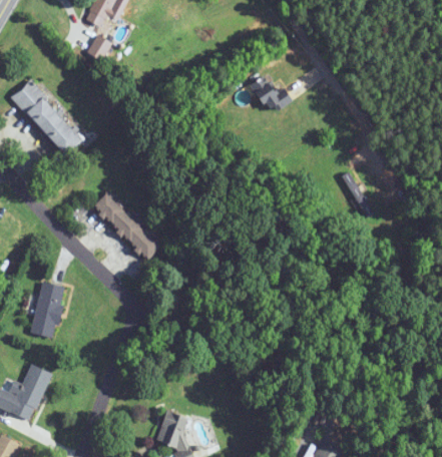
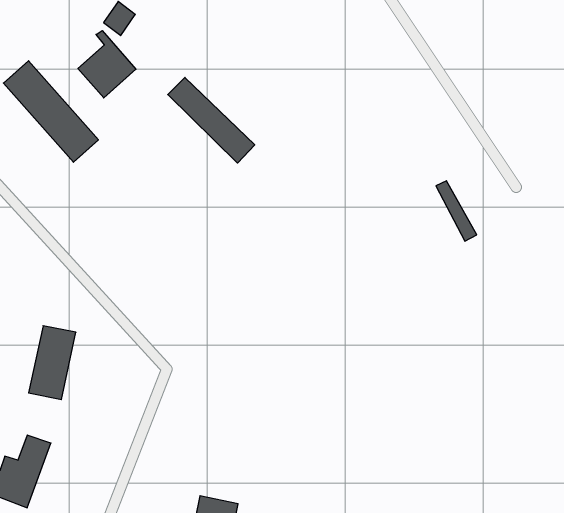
building: none -> [78,31,136,98]
building: [255,75,288,112] -> none
building: [94,193,160,259] -> [168,77,255,163]

